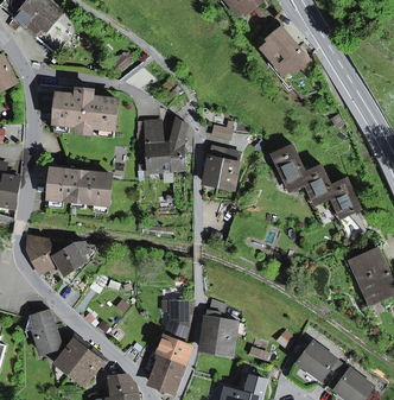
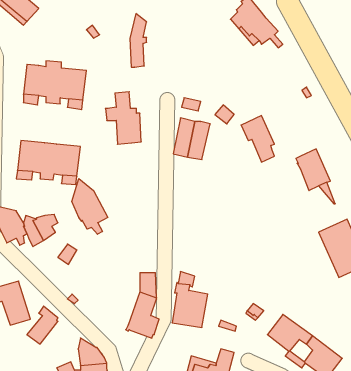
building: [170,116,186,170] -> [130,14,147,67]
building: [300,164,330,205] -> none
building: none -> [72,179,108,234]
building: [70,348,107,382] -> none
building: [144,350,182,391] -> none

